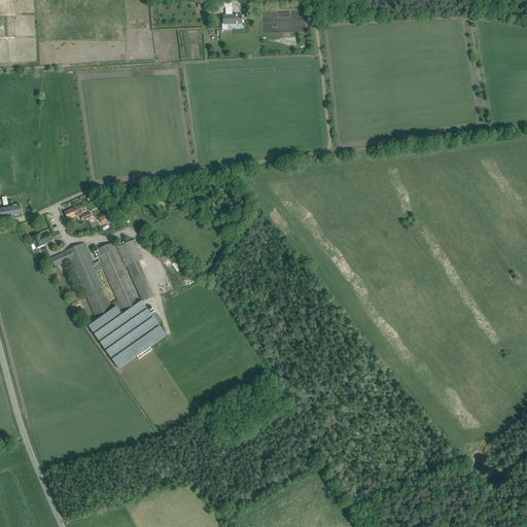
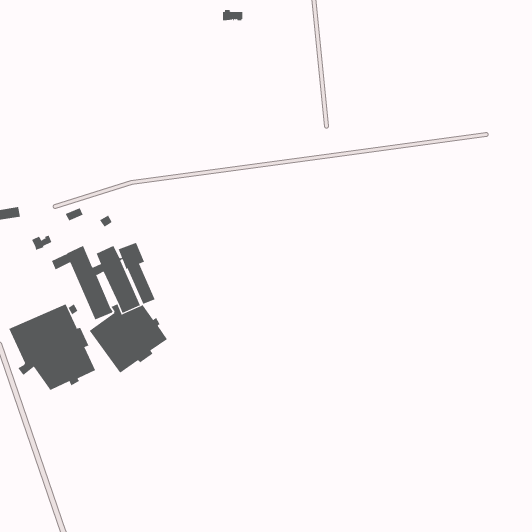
building: none -> [9,303,96,391]

